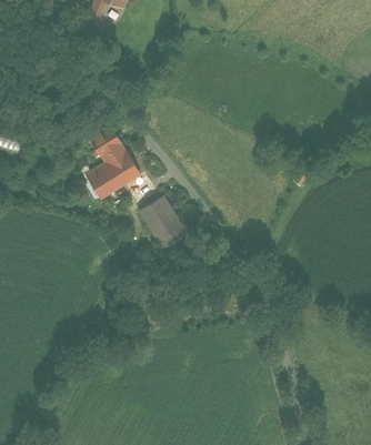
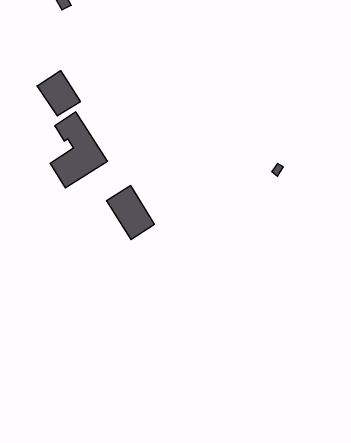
building: none -> [37,71,80,116]

